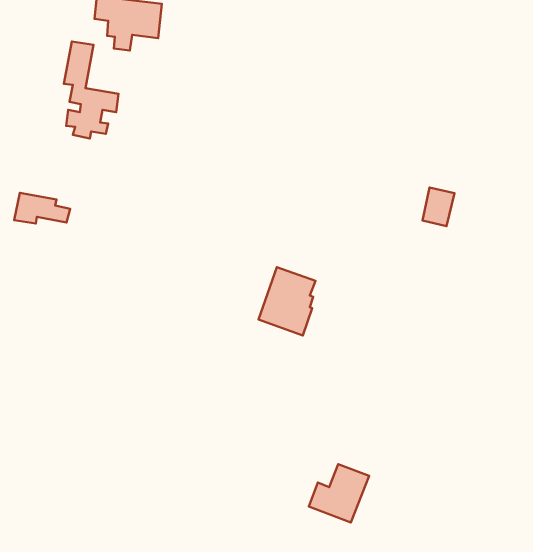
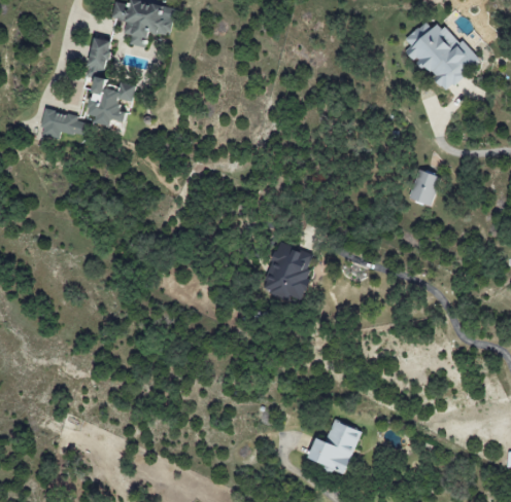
building: none -> [404,20,477,93]
building: [14,193,70,224] -> [39,109,90,137]

